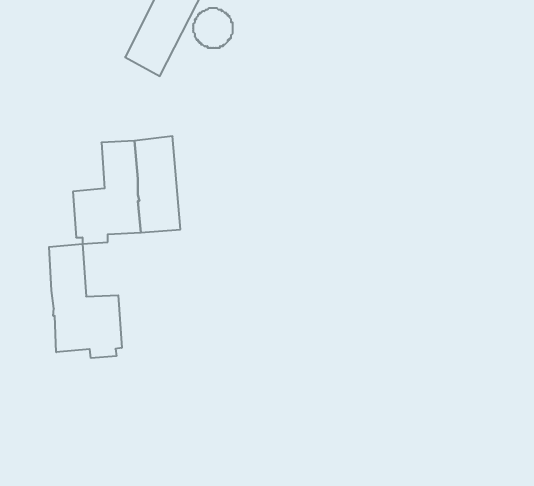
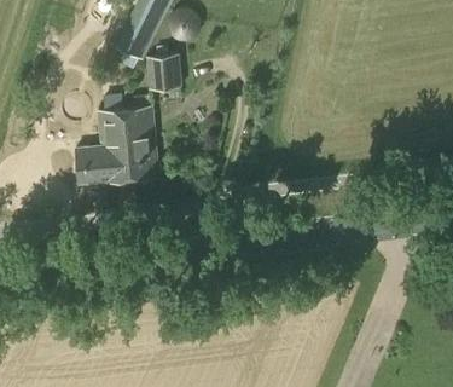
building: none -> [145,53,181,87]
building: [49,244,122,358] -> none

